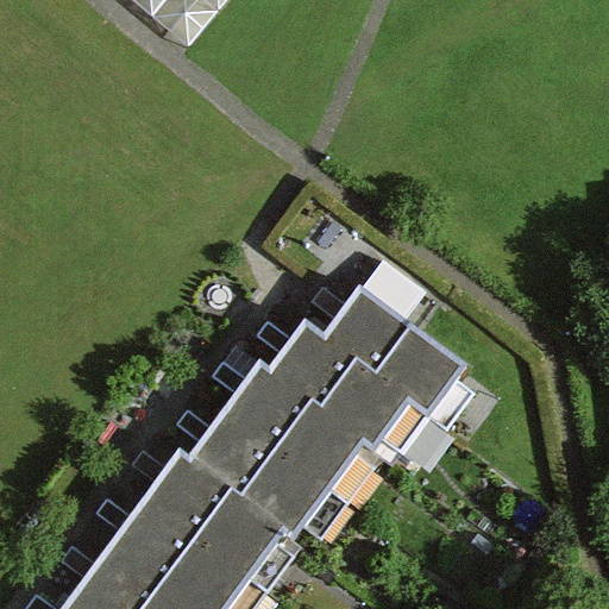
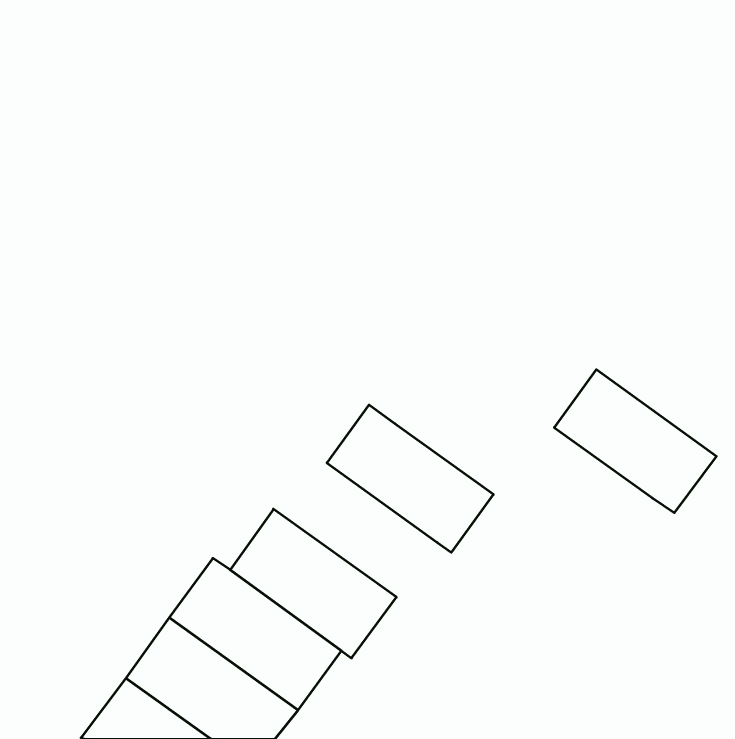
building: [325,301,458,419] -> [554,370,716,513]
building: [225,373,359,491] -> none

